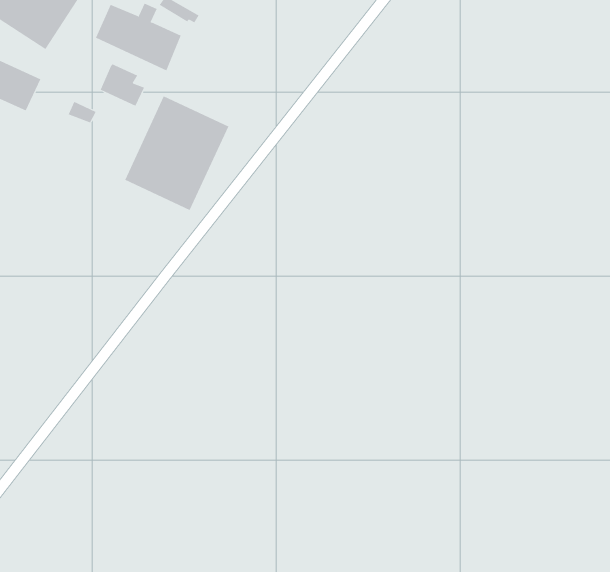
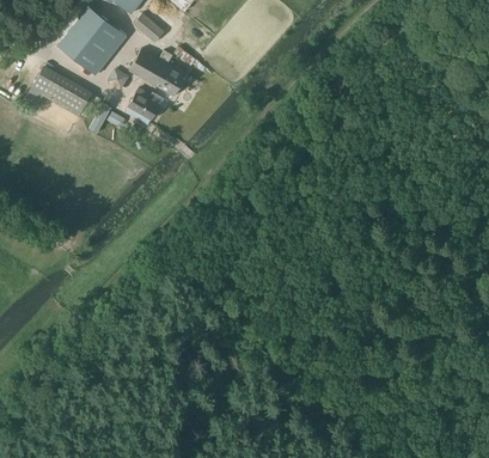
building: [124,95,229,211] -> none

